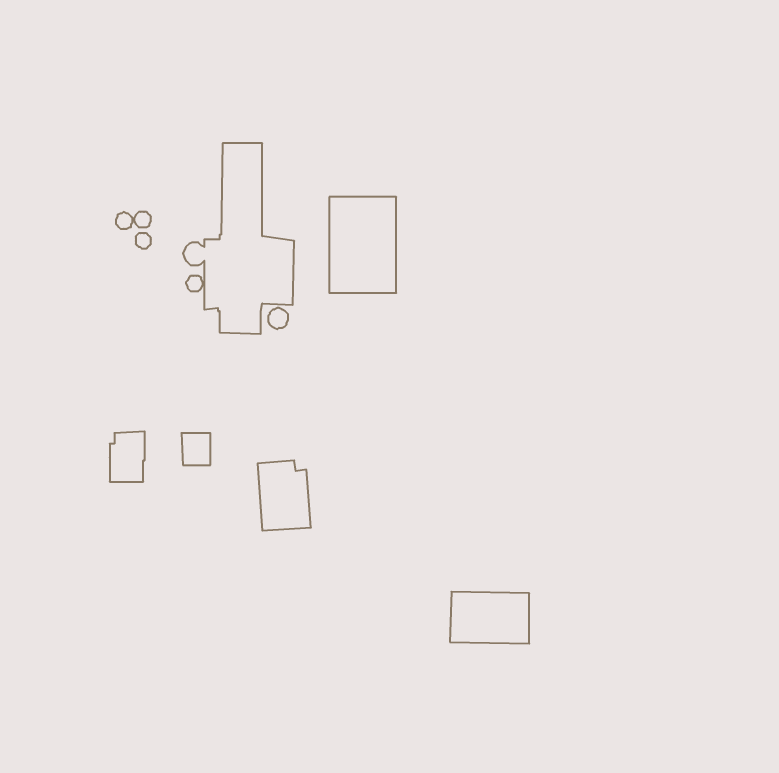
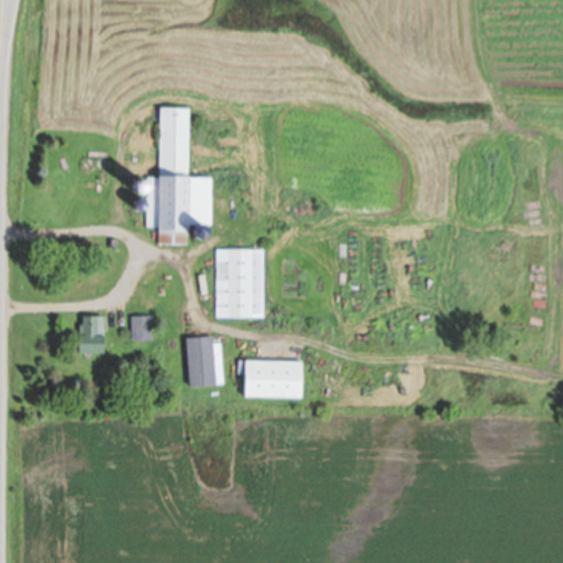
building: [329,197,396,293] -> [217,250,265,319]
building: [450,592,529,644] -> [244,360,301,397]

